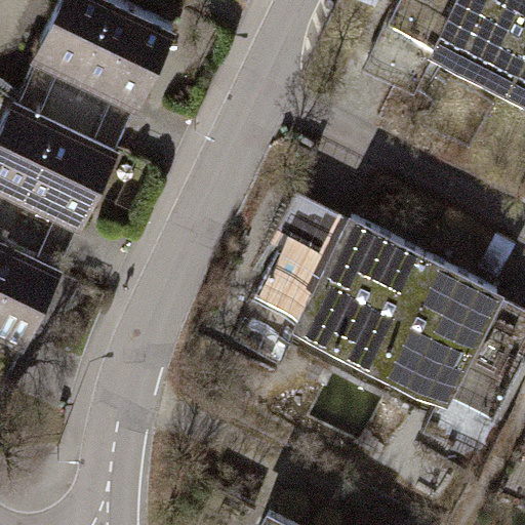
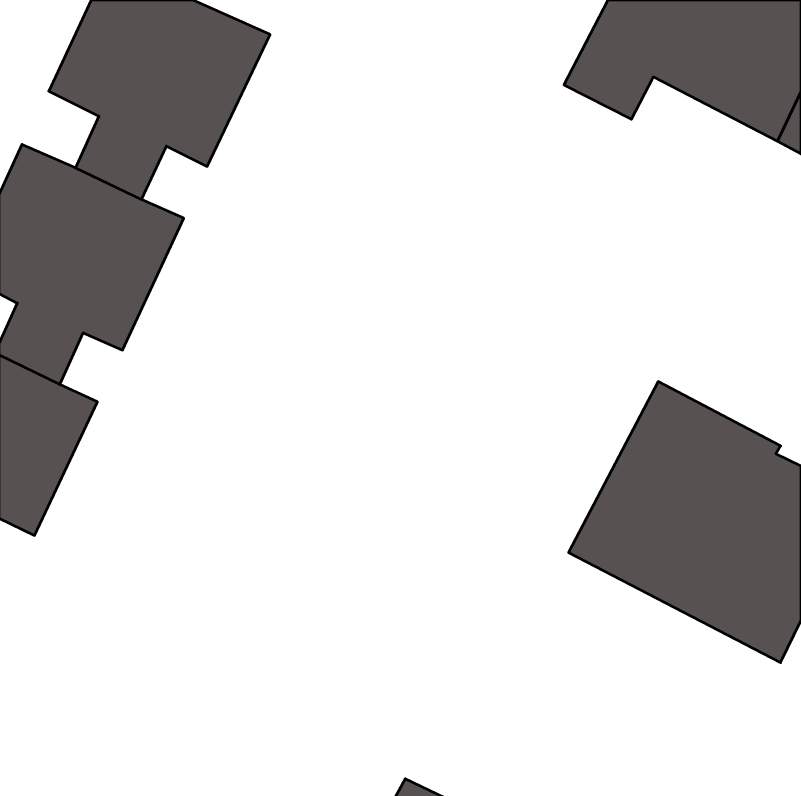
building: [246,193,430,365] -> none

